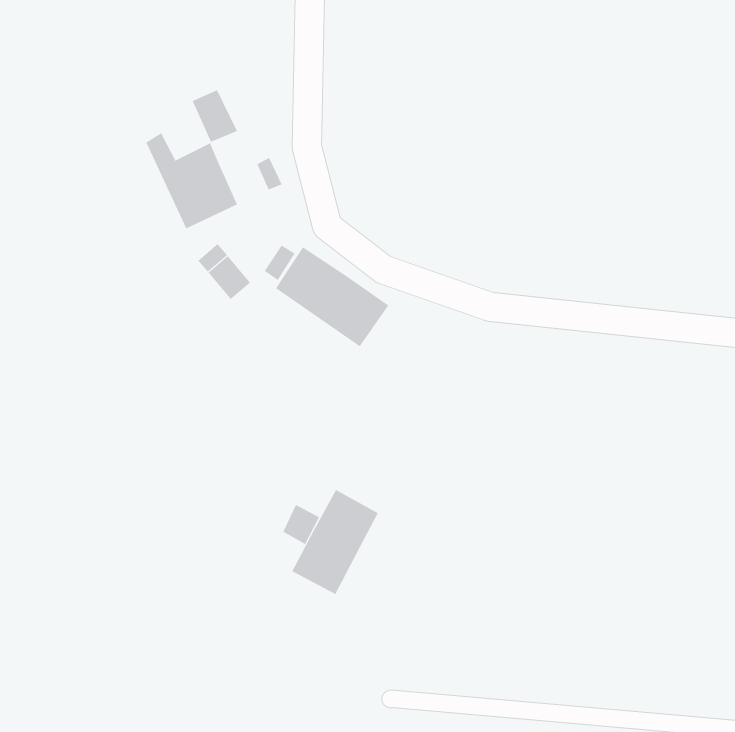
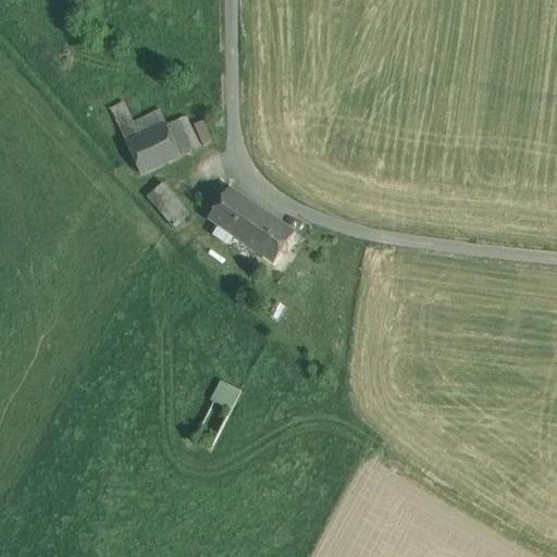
building: [192,89,238,143] -> [165,114,200,154]
building: [292,489,379,595] -> none

